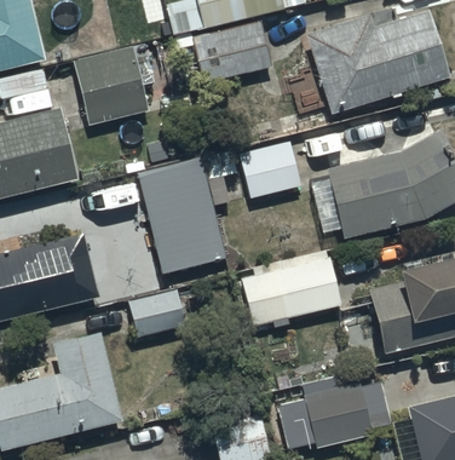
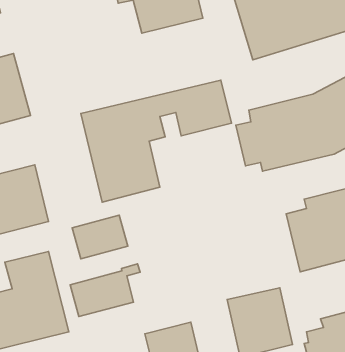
building: [74,51,150,126] -> none
building: [240,249,342,327] -> none
building: none -> [70,264,140,317]

